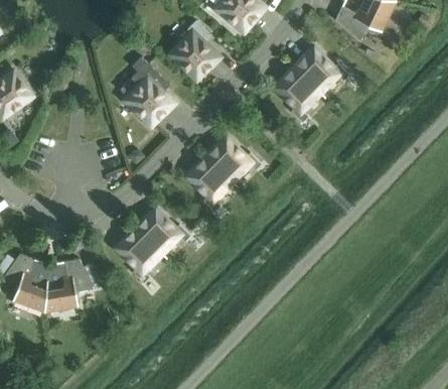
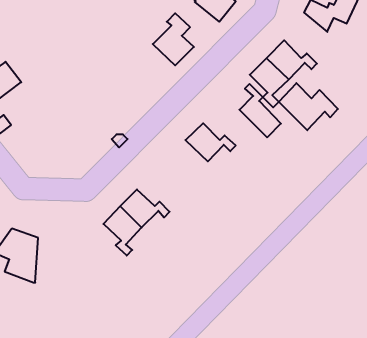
building: [118,56,169,123] -> none
building: none -> [279,83,338,130]
building: none -> [239,84,281,137]
building: [187,157,230,211] -> none
building: [43,259,91,311] -> none

